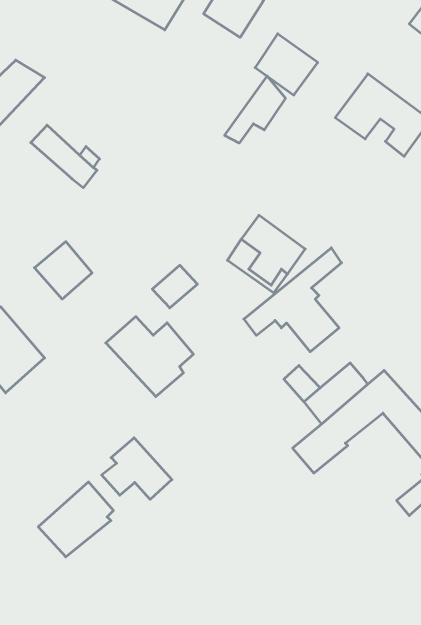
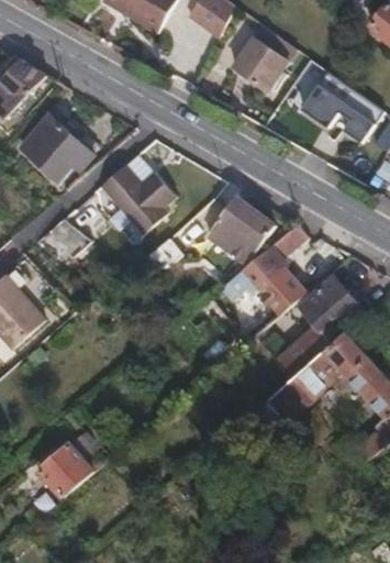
building: [225,76,285,143] -> none
building: none -> [19,131,70,179]
building: none -> [299,277,360,339]
building: [106,317,193,397] -> [102,163,179,233]
building: [102,438,172,499] -> none

